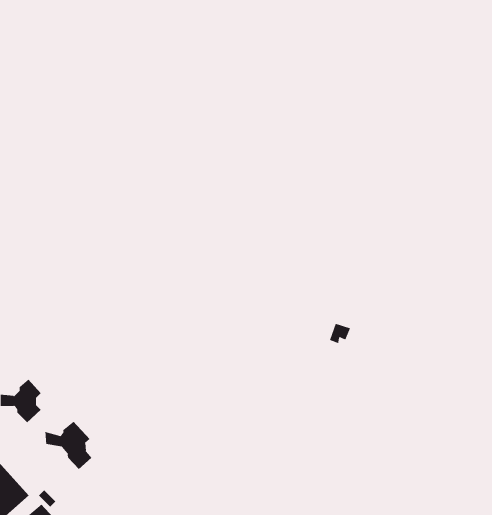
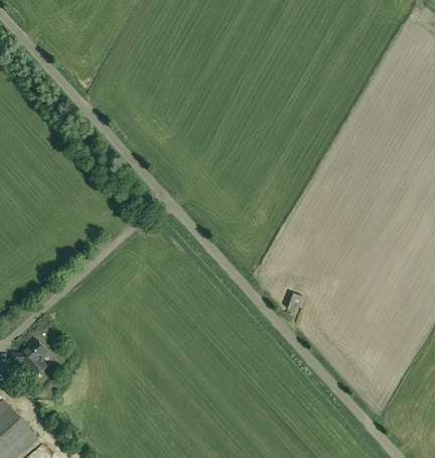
building: [45,421,92,470] -> none

